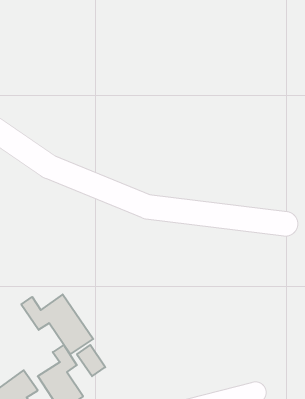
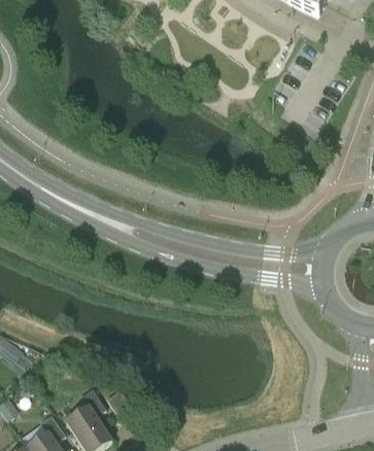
building: [21,294,93,354] -> none

